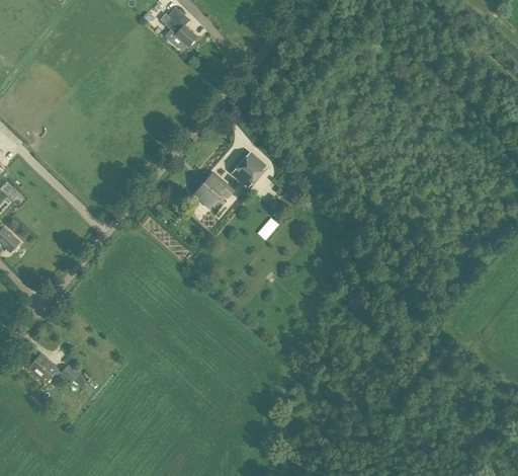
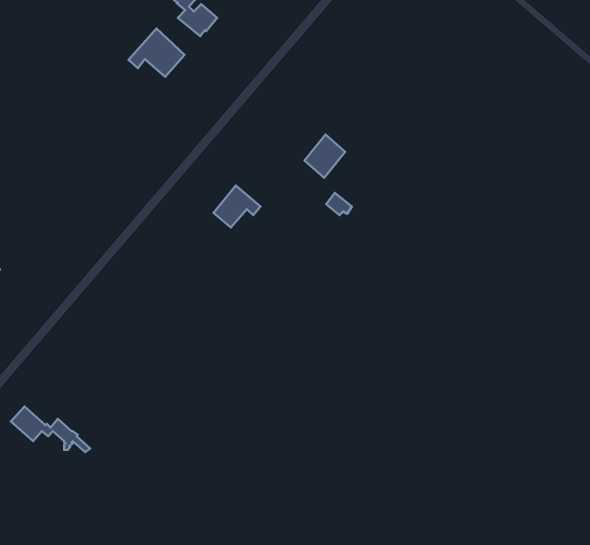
building: none -> [129,29,185,77]
building: [232,151,265,186] -> [305,135,345,178]

